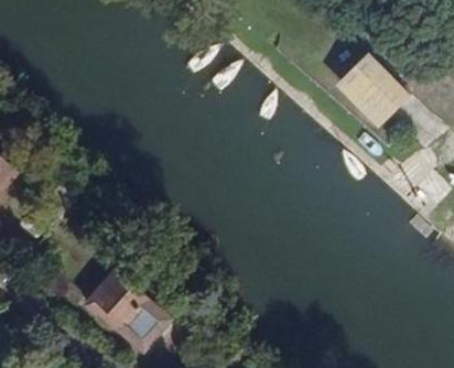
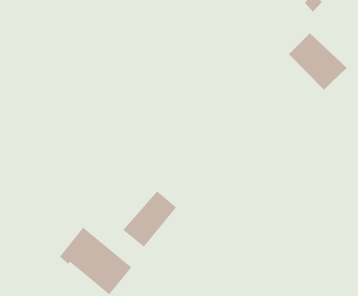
building: none -> [122,191,177,247]

